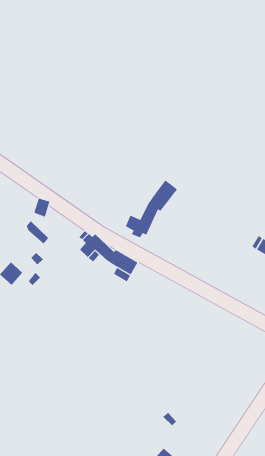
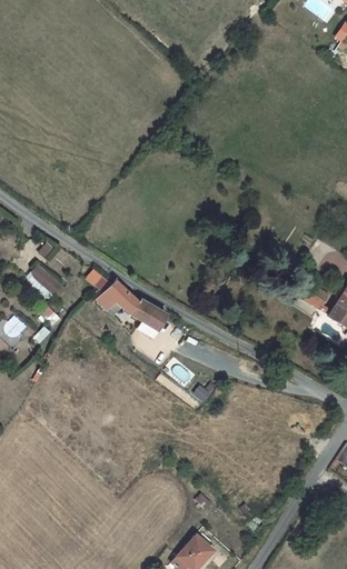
building: [125,180,178,238] -> none

